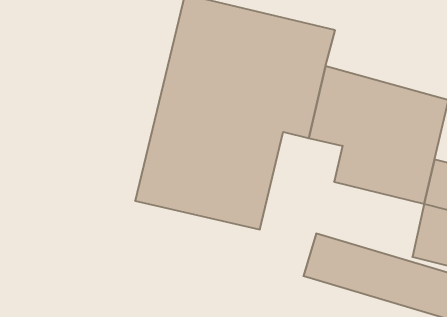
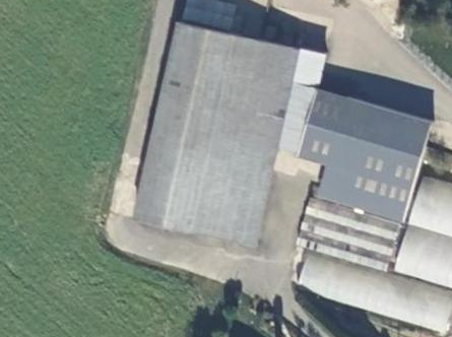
building: none -> [293,195,408,270]

